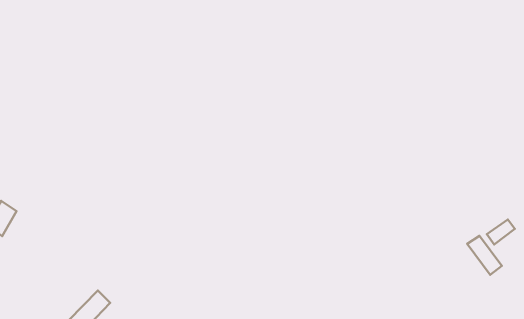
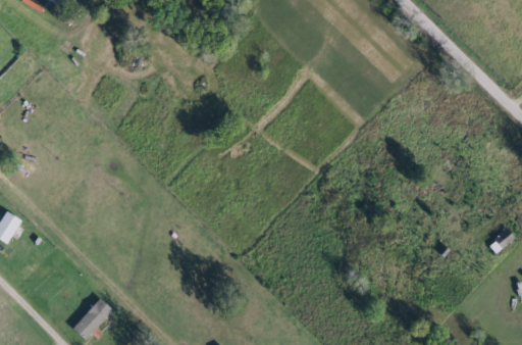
building: [467,236,502,275] -> none

